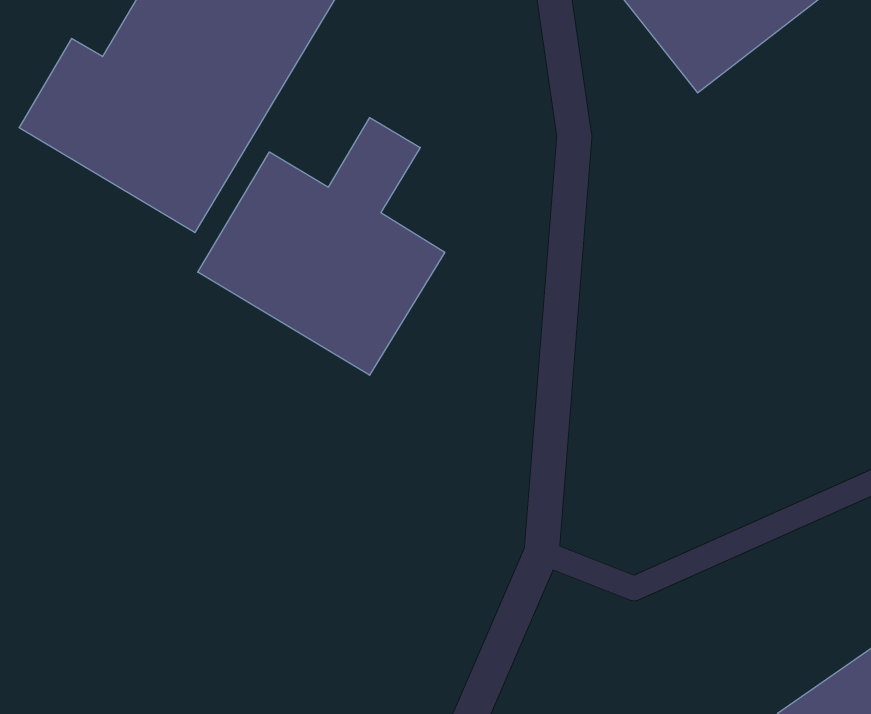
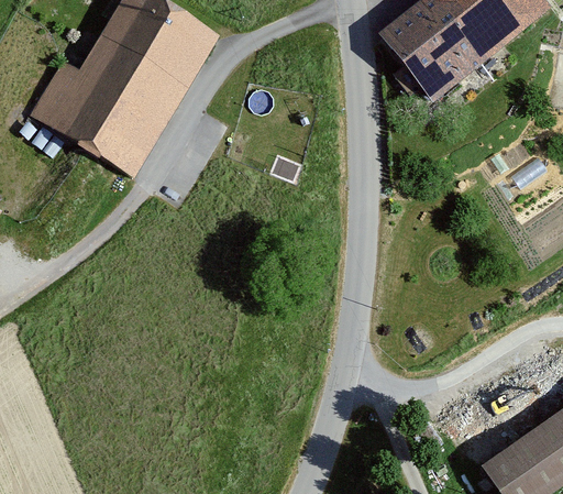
building: [198,118,445,375] -> none

